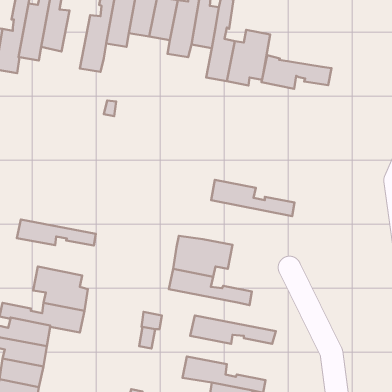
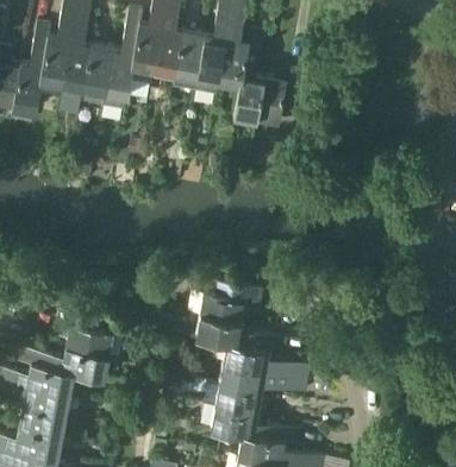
building: none -> [82,45,114,106]
building: [262,55,332,89] -> none
building: [211,180,294,216] -> [224,342,311,380]
building: [17,219,96,245] -> none
building: none -> [215,385,262,415]

